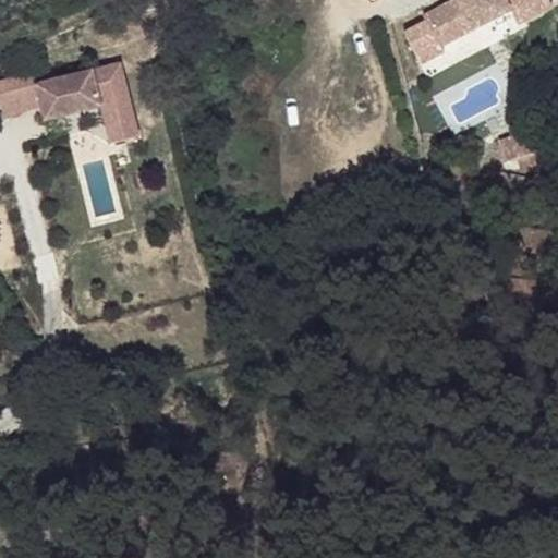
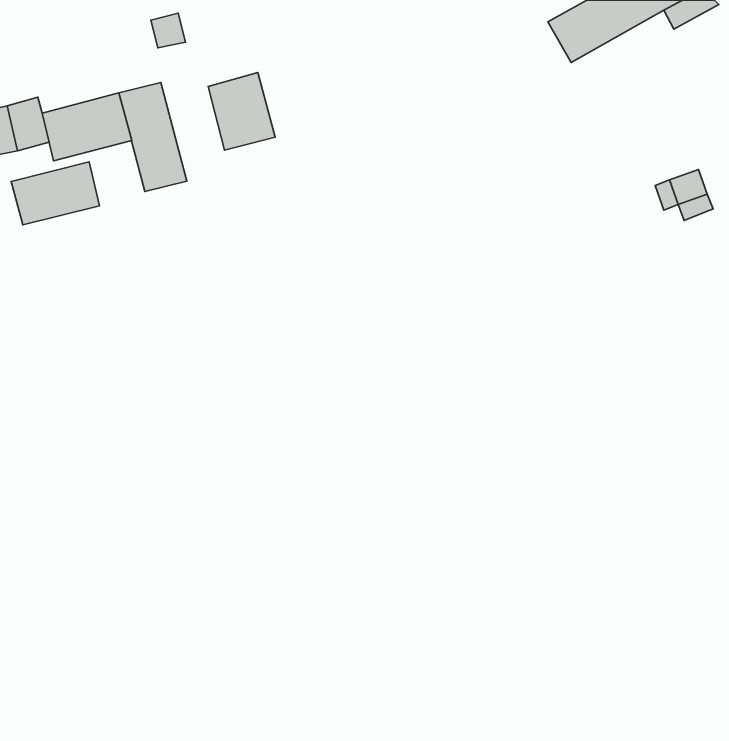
building: none -> [208,73,275,150]
building: none -> [11,162,99,225]

